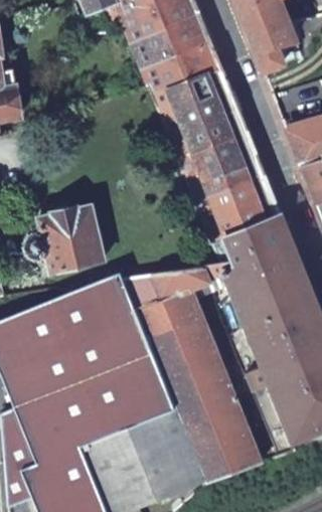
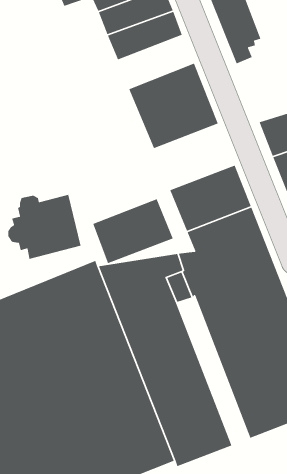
building: [143,39,222,95] -> none
building: [180,131,265,199] -> [92,198,174,264]

